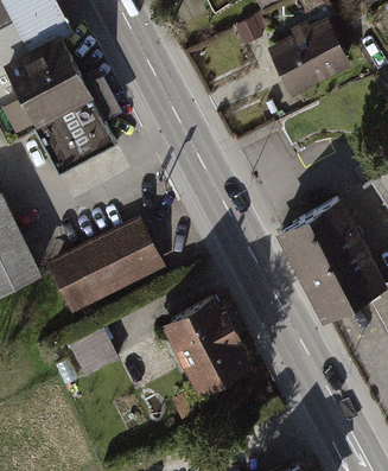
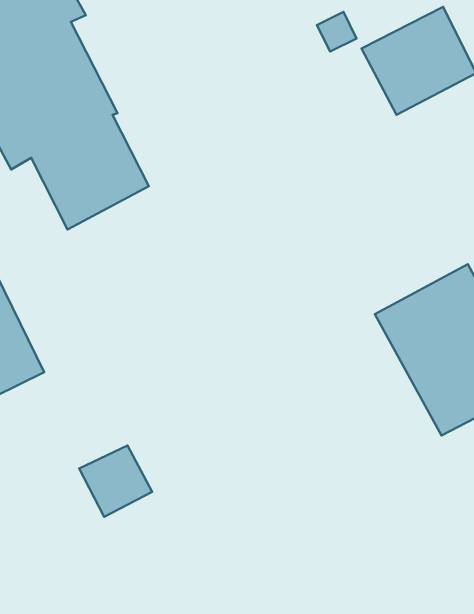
building: [49,219,165,314] -> none
building: [159,295,252,393] -> none

